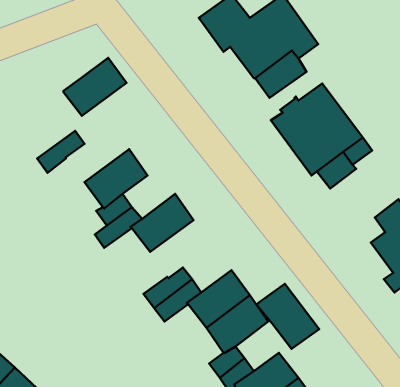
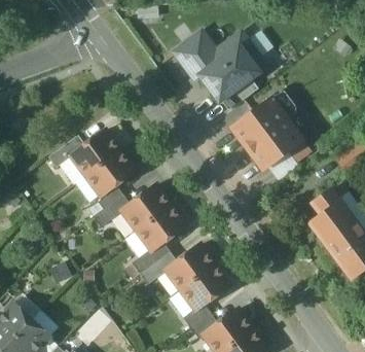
building: [63,58,126,116] -> [71,130,120,175]
building: none -> [137,205,186,250]
building: [257,284,319,349] -> none

